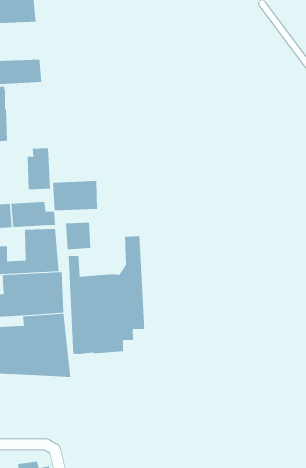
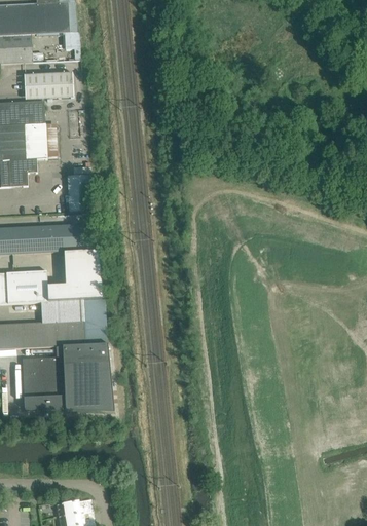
building: [53,180,97,211] -> none
building: [66,222,91,250] -> none
building: [68,236,145,355] -> none

